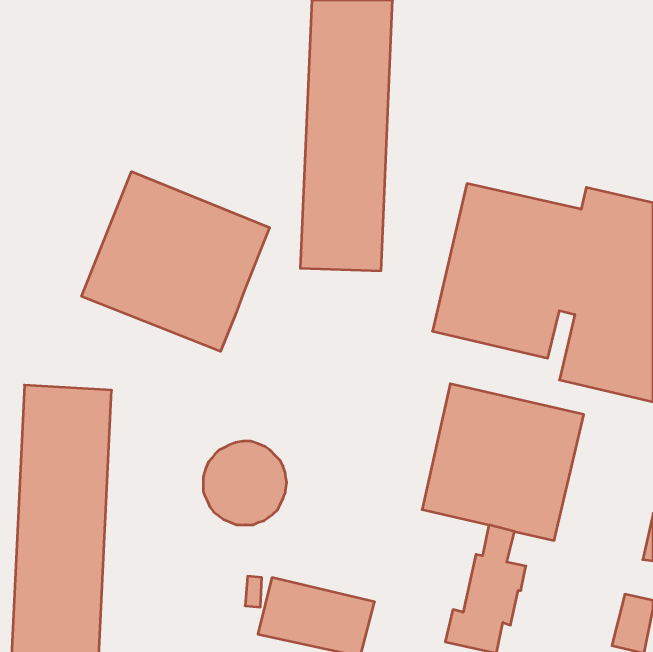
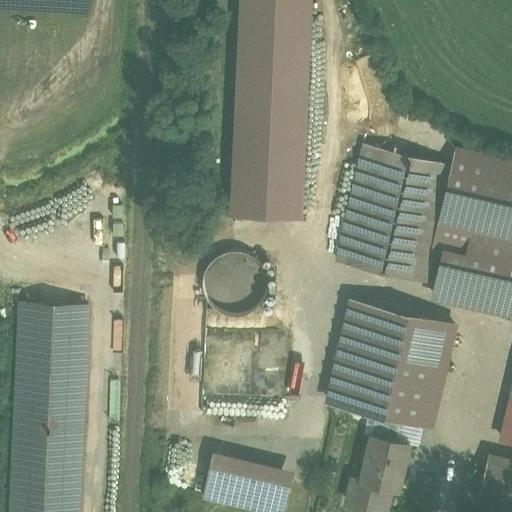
building: [82,172,270,351] -> none
building: [203,441,287,525] -> [202,253,267,318]

